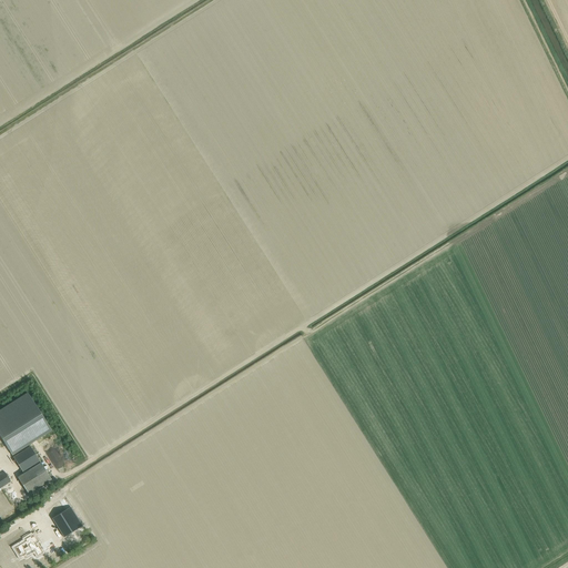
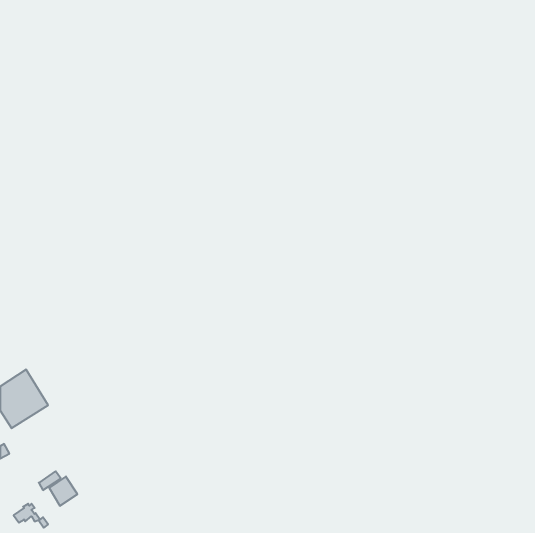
building: [13,445,50,491] -> none

